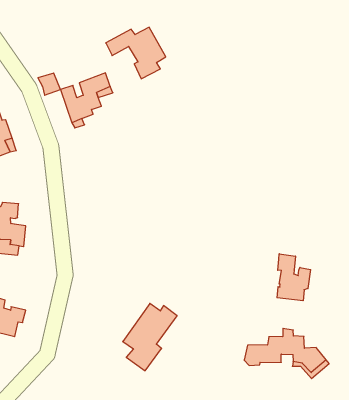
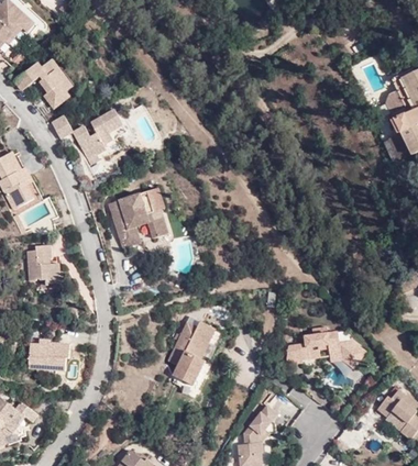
building: [106,27,166,79] -> [16,60,75,110]
building: none -> [107,187,168,247]
building: [277,254,311,301] -> none

